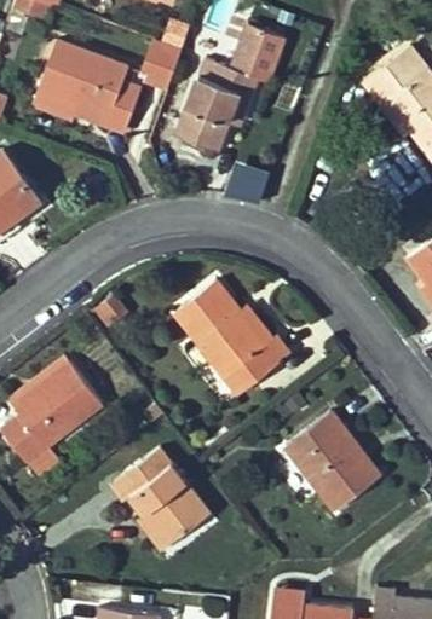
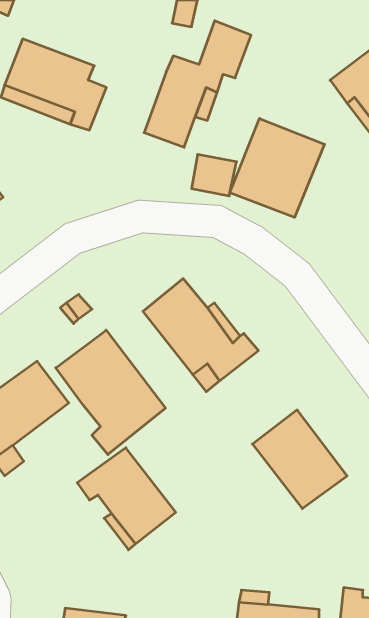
building: [140,12,186,87] -> none
building: none -> [230,118,325,217]
building: none -> [56,330,165,455]

